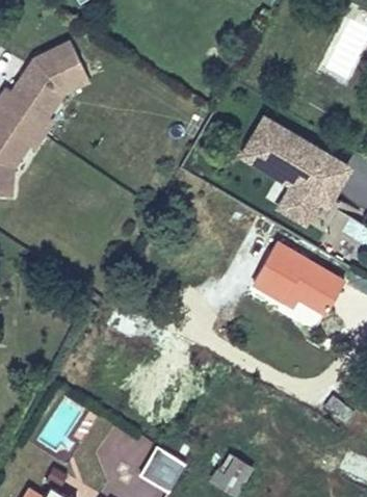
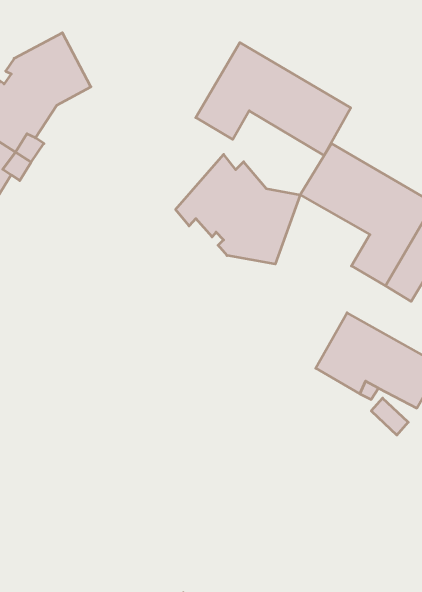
building: none -> [196,43,351,156]
building: none -> [176,154,300,264]

